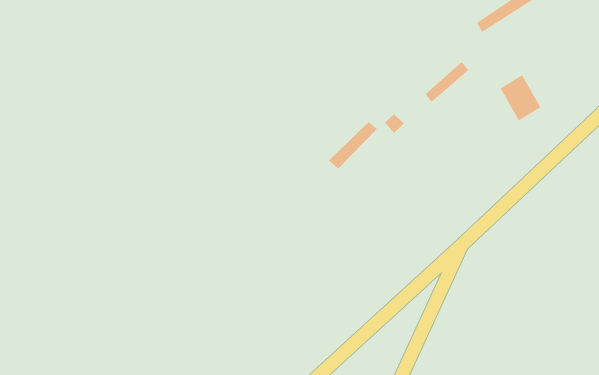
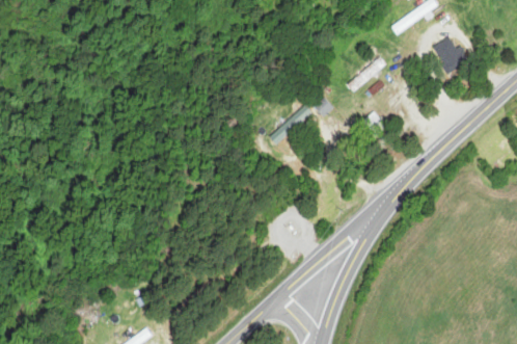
building: [500,74,542,122] -> [432,35,466,74]

